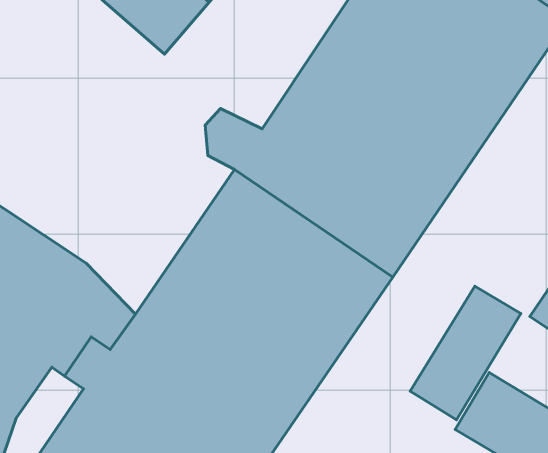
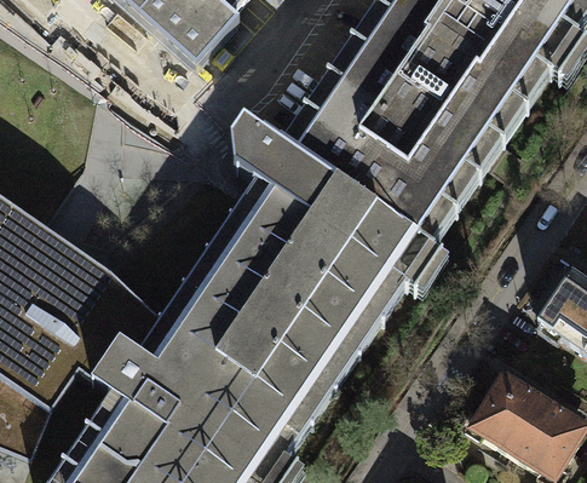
building: [410,286,521,420] -> none

